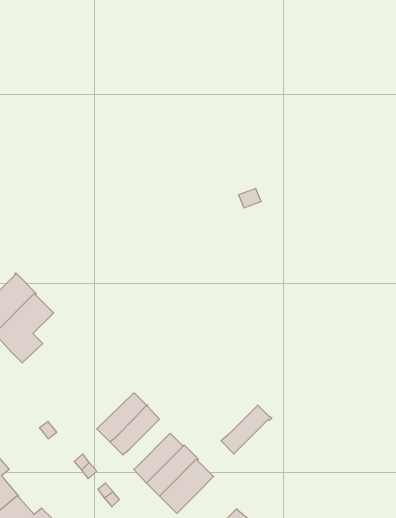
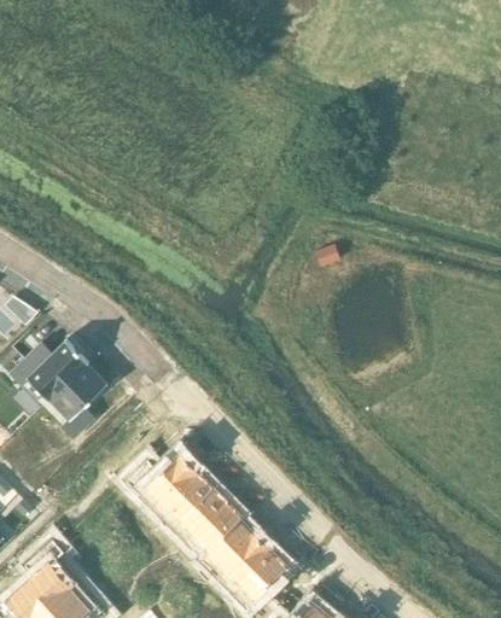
building: none -> [124,451,199,512]
building: [221,405,272,454] -> [185,501,241,555]

